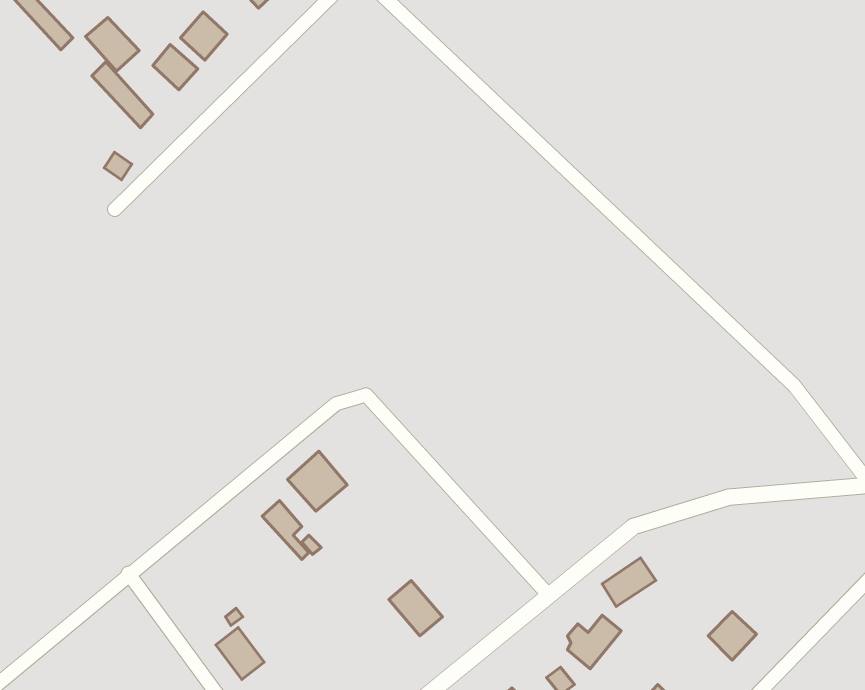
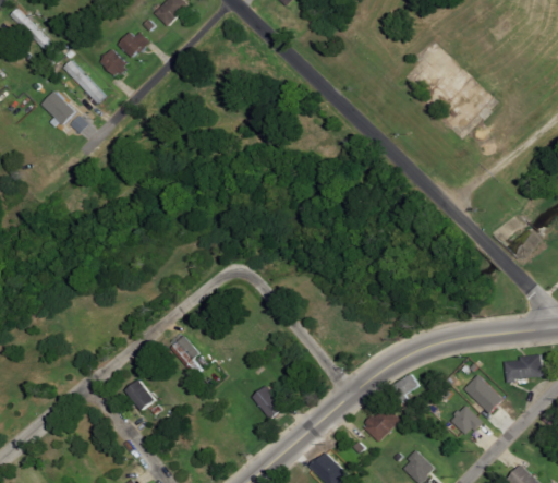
building: [85,18,139,71] -> [43,92,76,125]
building: [287,451,347,511] -> none
building: none -> [501,352,541,378]
building: none -> [464,375,505,415]
building: [216,628,264,680] -> [121,379,151,412]

